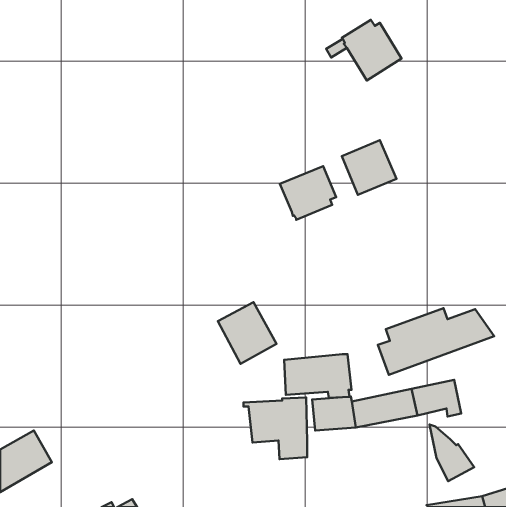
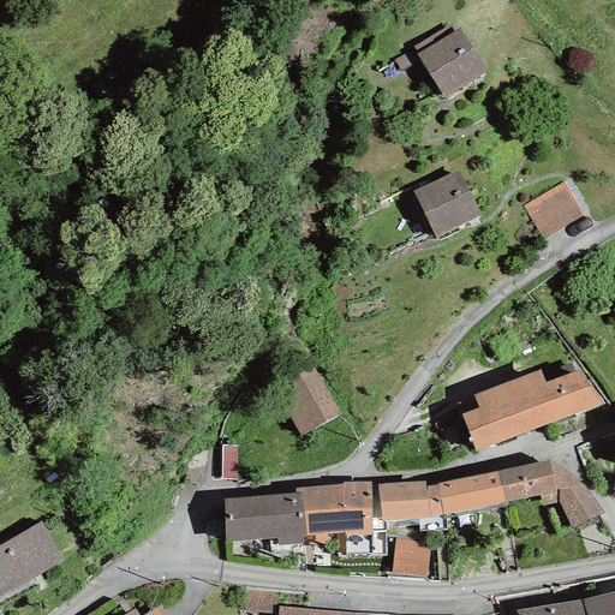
building: none -> [525,181,584,237]
building: [280,166,336,220] -> none
building: [284,354,352,398] -> [226,491,308,544]
building: [429,424,474,481] -> [551,459,605,527]
building: none -> [390,539,430,580]

